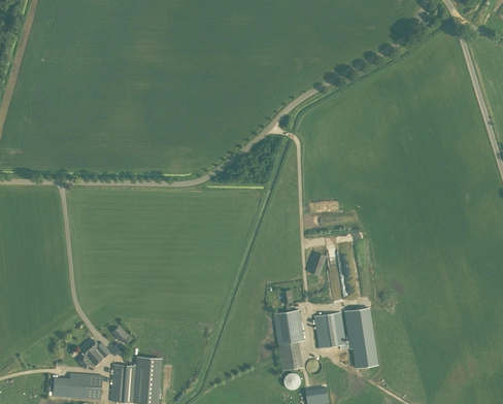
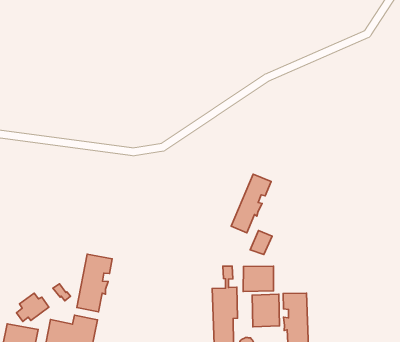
building: none -> [231,174,271,233]
building: none -> [243,266,274,291]
building: none -> [77,254,112,312]

